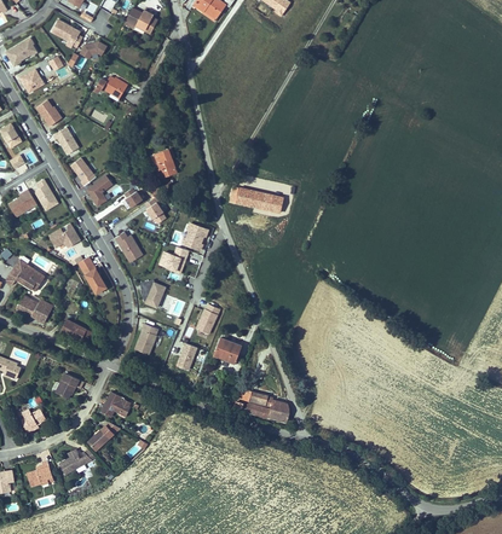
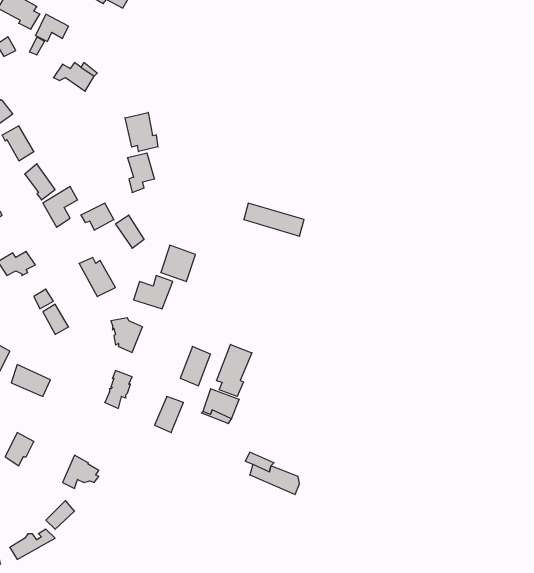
building: none -> [125,112,158,152]
building: none -> [217,344,252,396]

